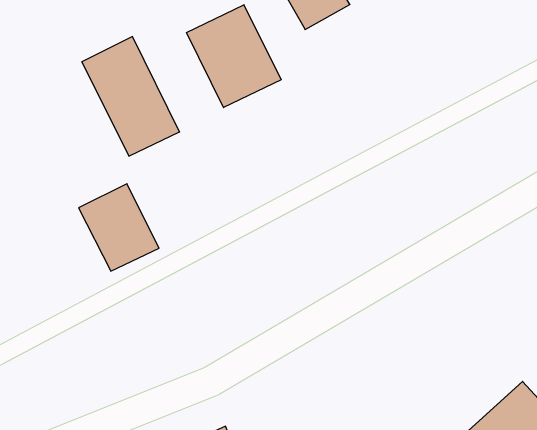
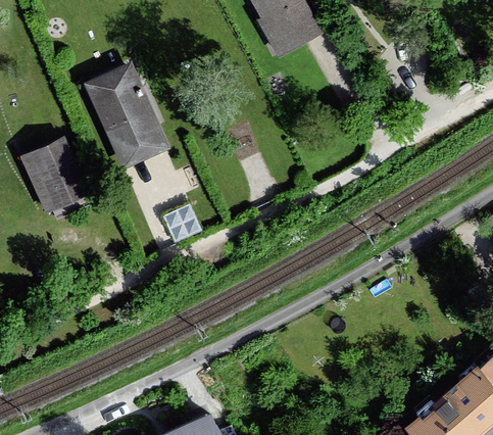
building: [187,5,281,108] -> none
building: [79,184,159,271] -> [19,136,91,213]

